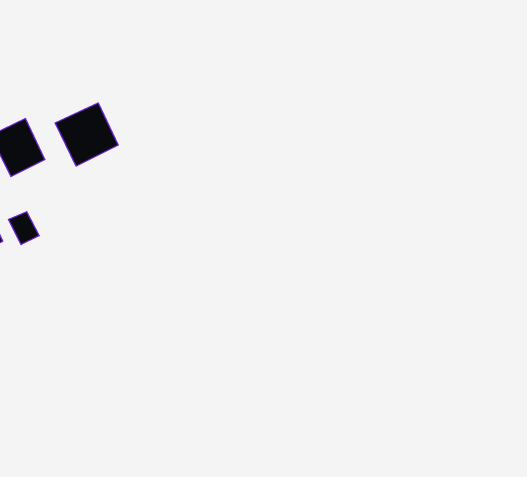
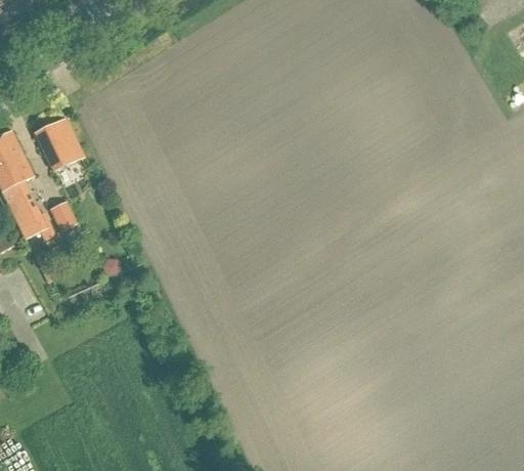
building: [55,103,118,166] -> none

